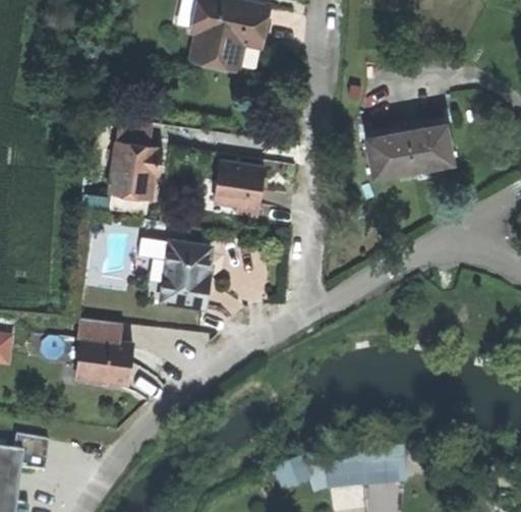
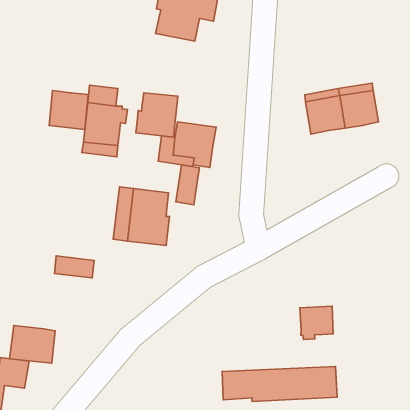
building: none -> [49,90,88,129]
building: none -> [136,93,178,137]
building: none -> [176,165,199,205]
building: [81,340,134,384] -> [10,325,55,363]
building: none -> [300,306,333,340]

